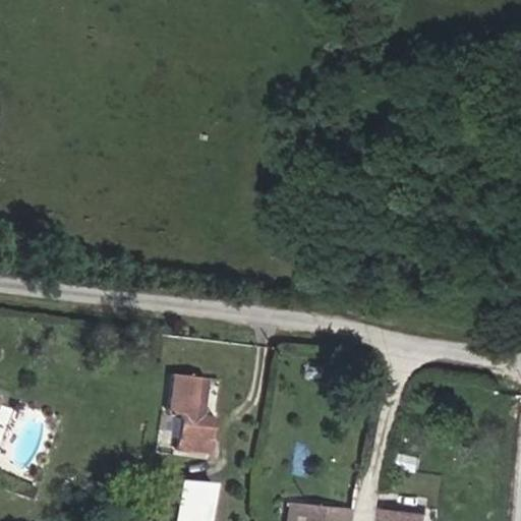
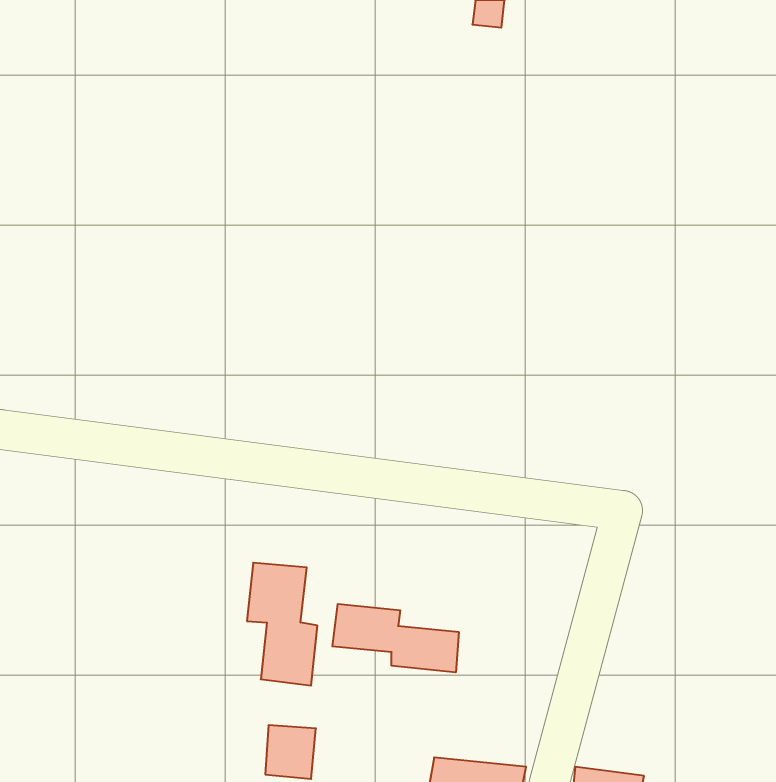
building: none -> [332,604,459,672]

